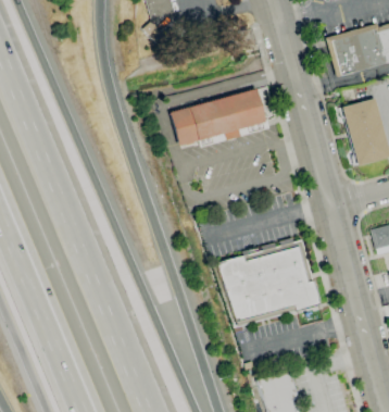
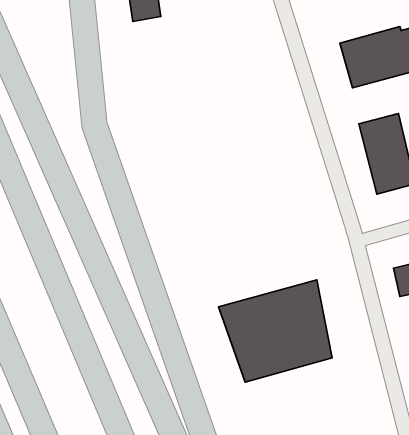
building: [181,88,272,154] -> none

